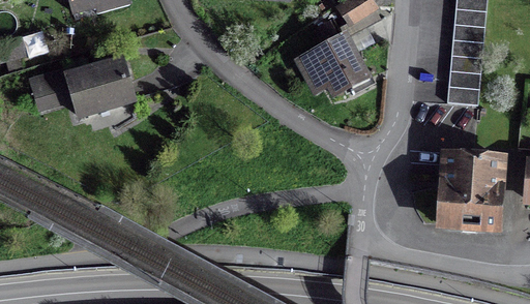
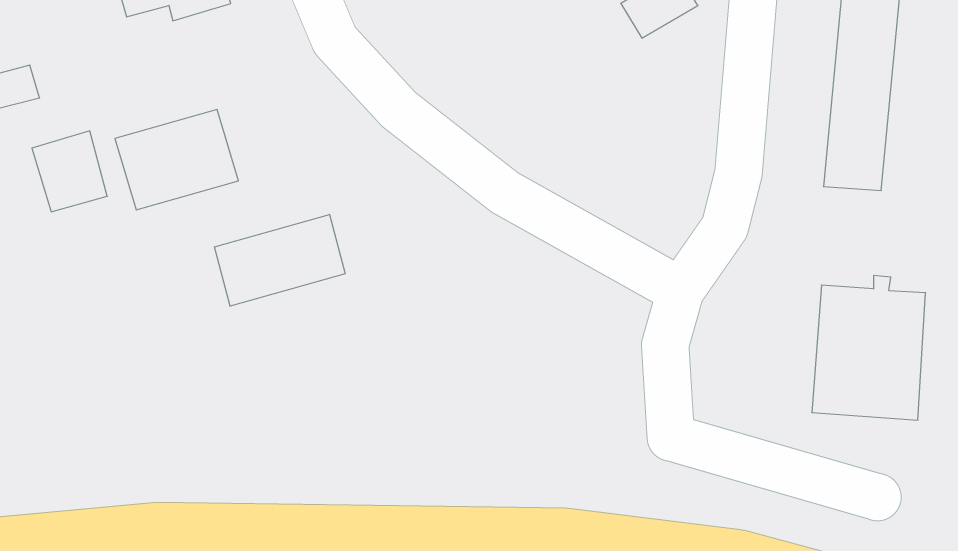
building: [300,35,373,95] -> none
building: none -> [214,214,345,306]

